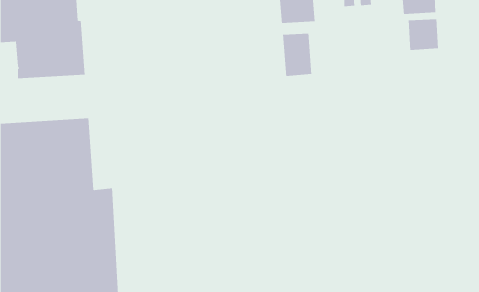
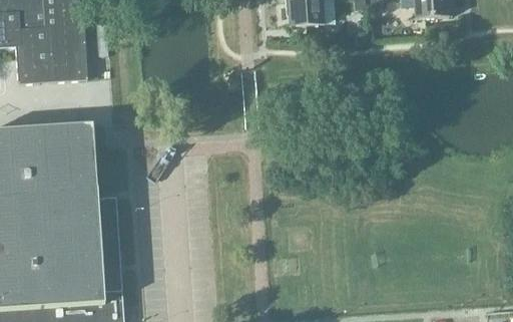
building: [408,19,438,51] -> none
building: [283,33,312,77] -> none

